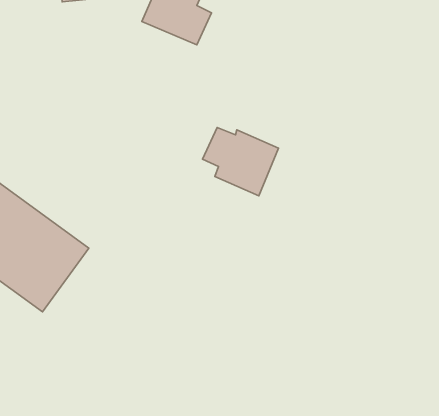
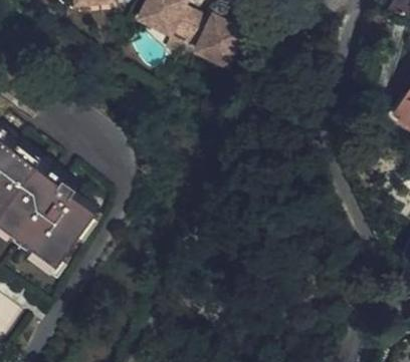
building: [202,127,278,196] -> [183,16,245,72]

